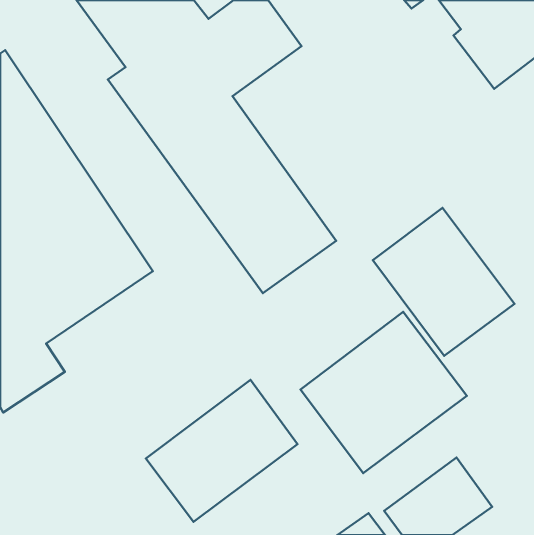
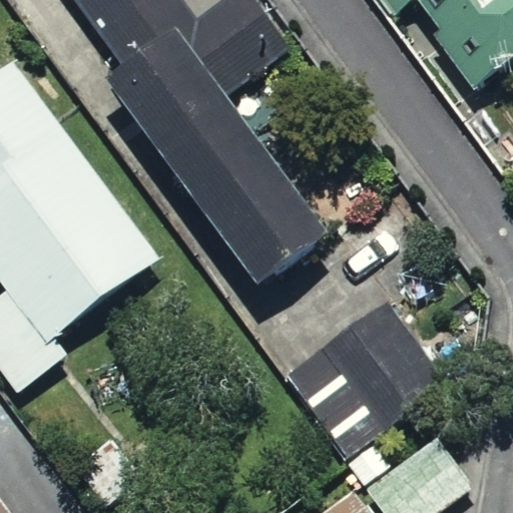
building: [373,208,515,356] -> none
building: [146,380,298,522] -> none

